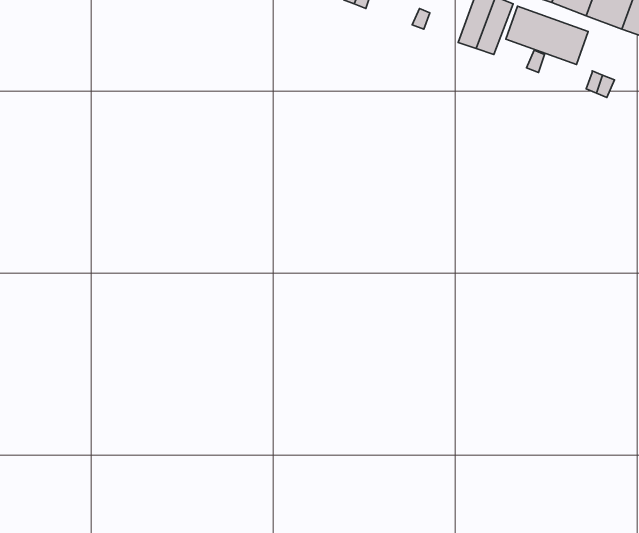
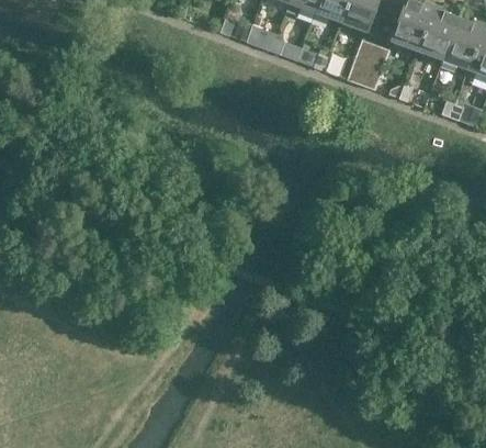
building: [506,6,588,65] -> none

